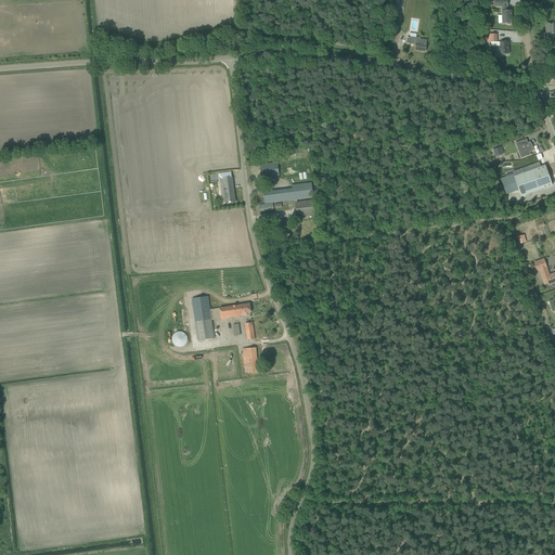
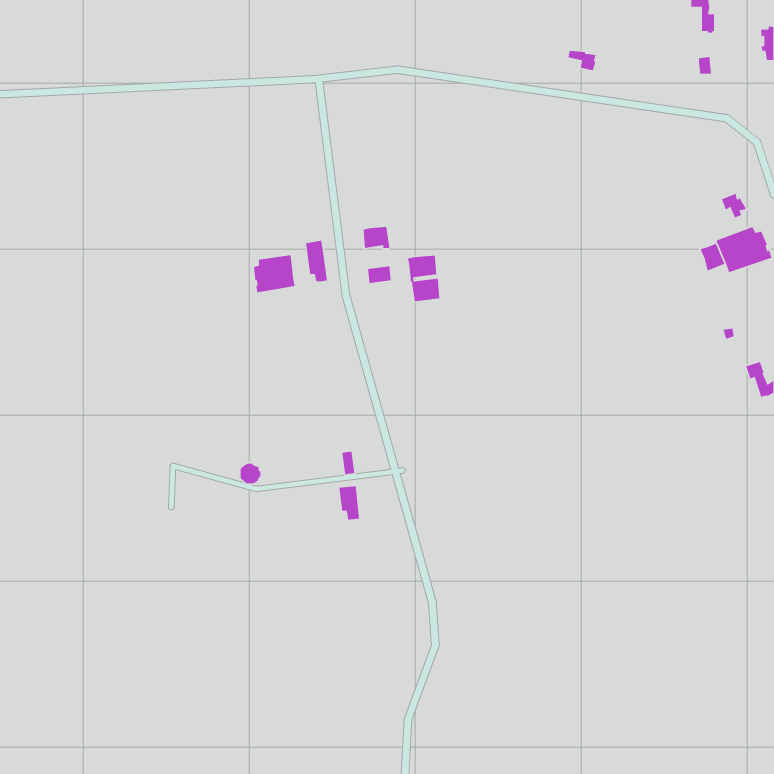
building: none -> [253,254,295,293]
building: [191,295,250,339] -> none

